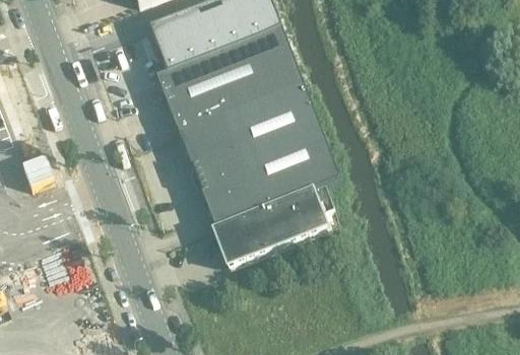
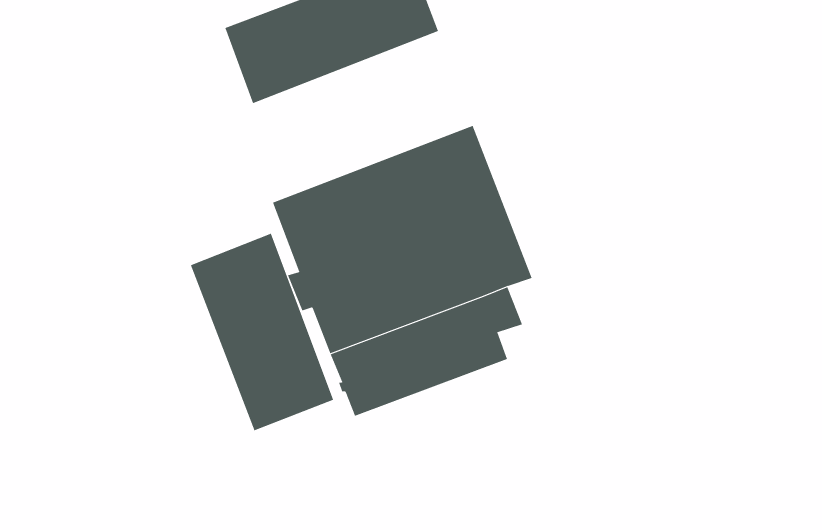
building: [156,25,303,131] -> none
building: none -> [190,233,334,431]

